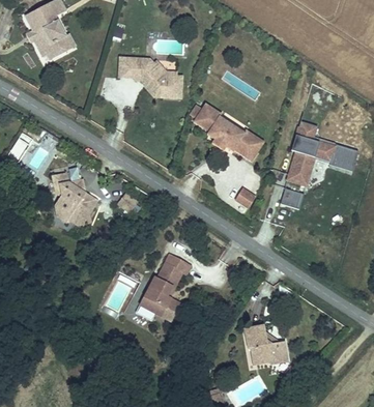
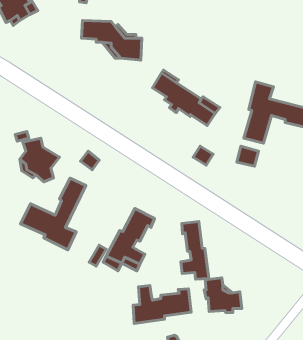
building: none -> [21,178,86,250]
building: none -> [181,222,209,279]
building: none -> [133,286,191,324]

